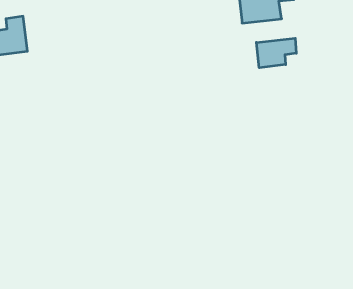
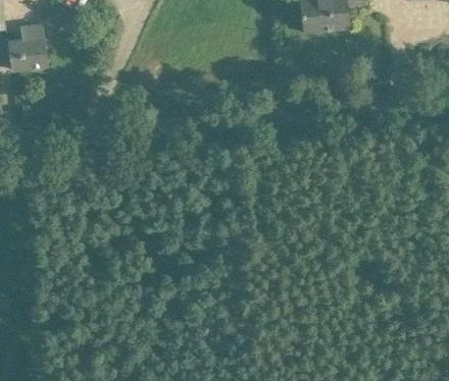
building: [256,38,296,68] -> none

